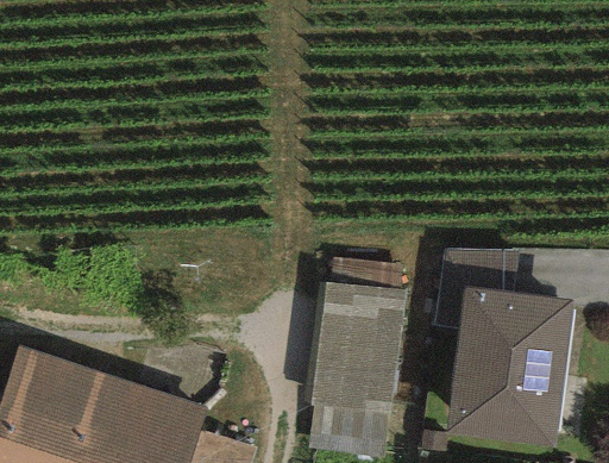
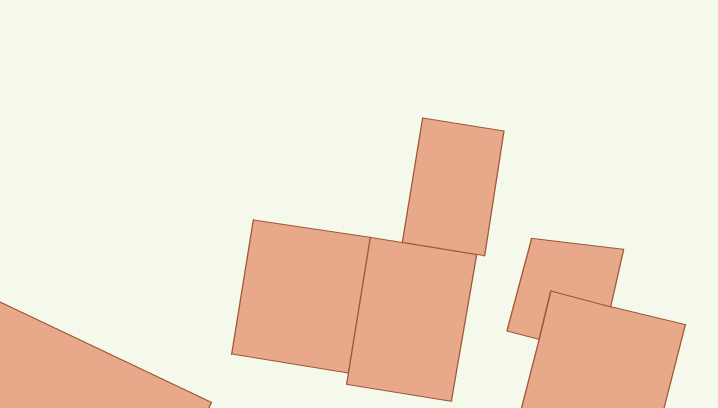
building: none -> [403,118,504,256]
building: none -> [232,220,370,373]

